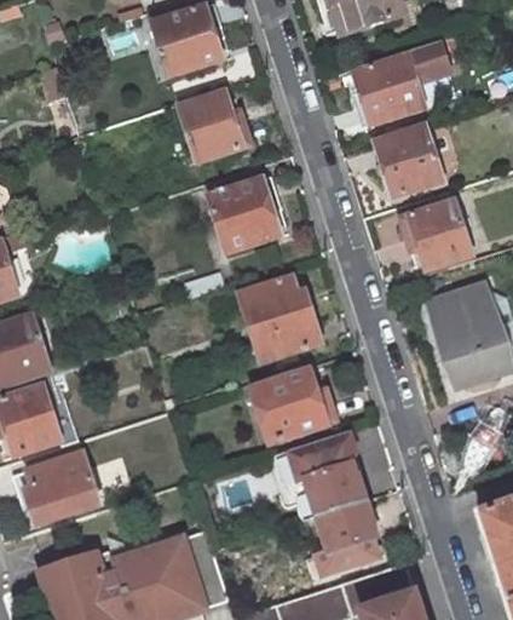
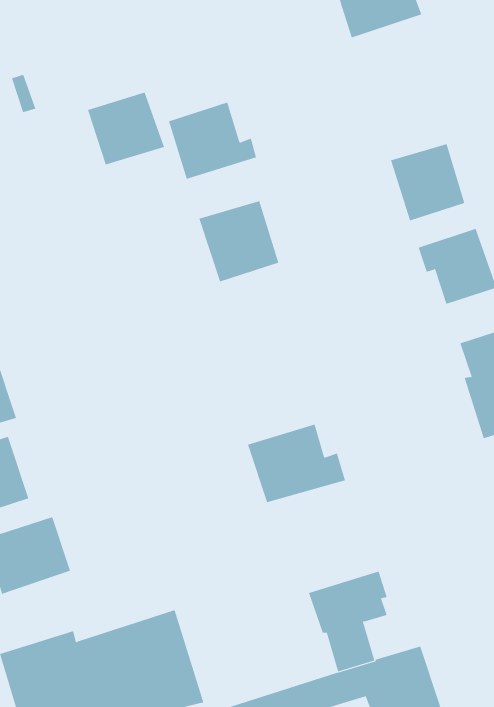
building: [156,8,224,73] -> [87,92,165,165]
building: [355,38,450,121] -> none
building: [246,277,321,358] -> none
building: [277,431,367,518] -> none

